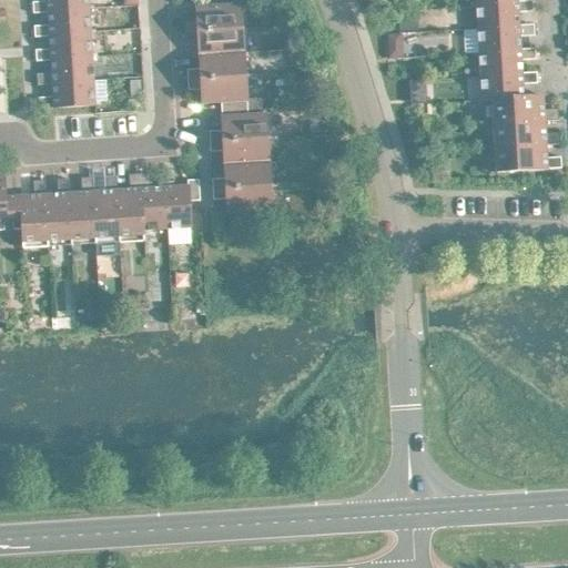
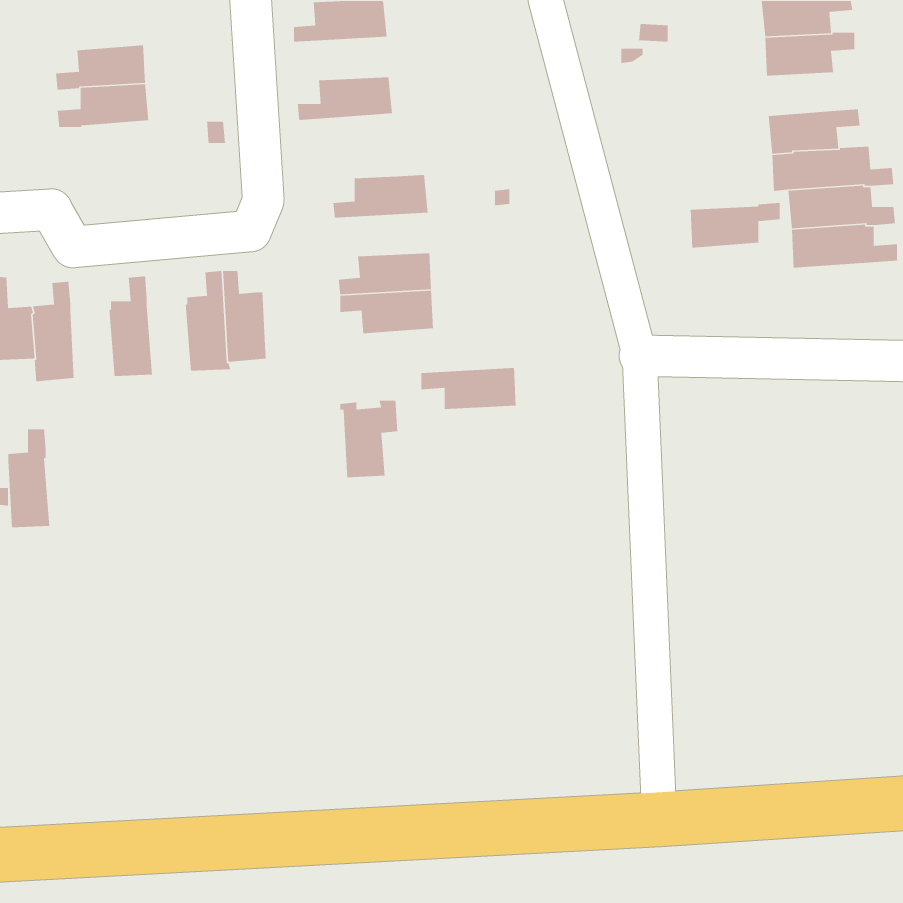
building: [33,8,90,36] -> none
building: [183,27,243,53] -> none
building: [478,47,535,75] -> [690,202,780,248]
building: [186,74,247,114] -> none
building: [38,79,94,108] -> none
building: [209,136,268,163] -> [421,367,517,410]
building: [92,174,119,237] -> none
building: [44,178,71,240] -> [7,429,50,528]
building: [162,179,199,227] -> [339,400,398,478]

